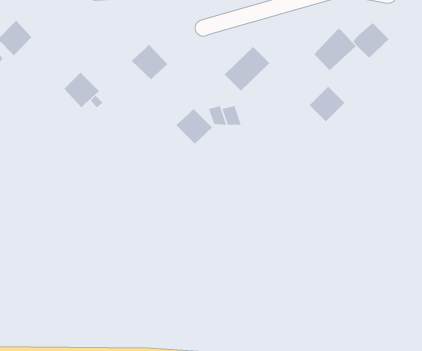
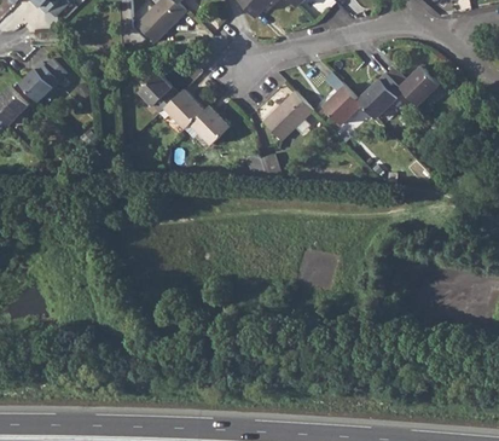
building: [63,72,100,108] -> [139,72,178,111]
building: [309,86,345,122] -> [323,85,361,123]
building: [175,108,213,144] -> [190,104,230,143]

